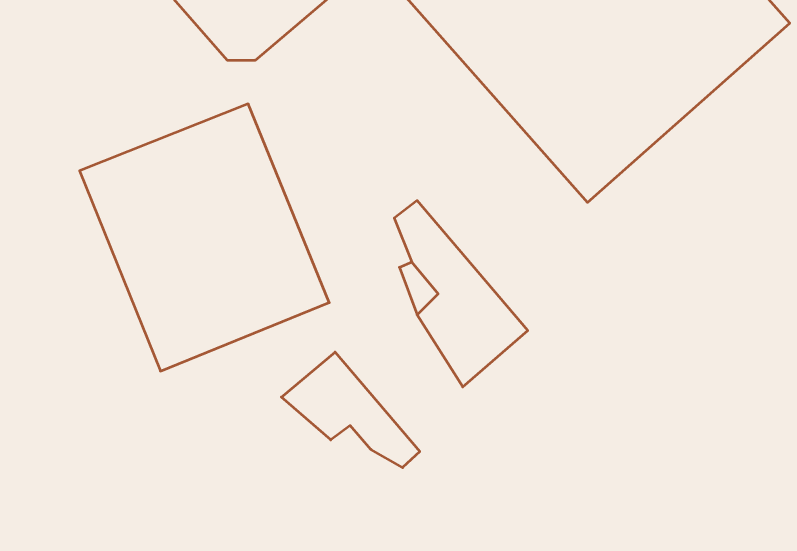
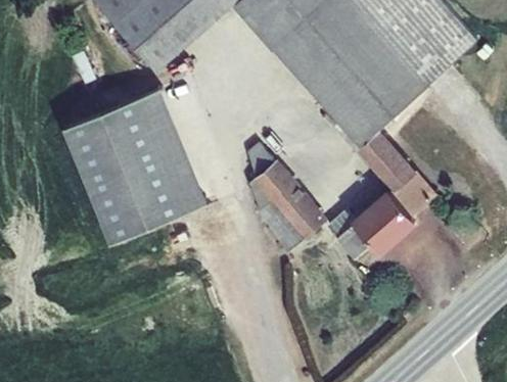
building: none -> [327,134,432,259]
building: [281,352,420,468] -> none

